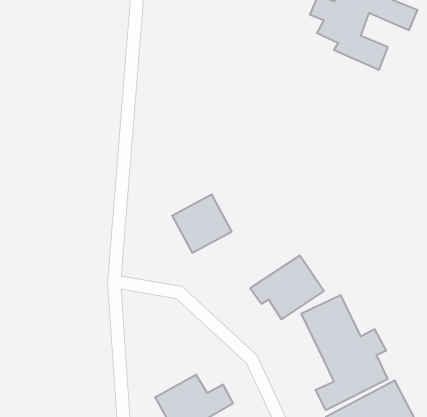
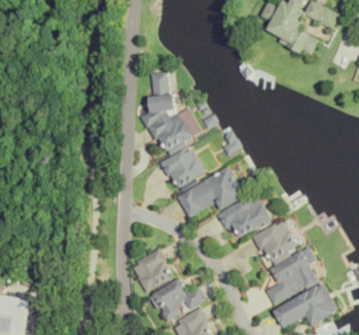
building: none -> [144,71,189,154]
building: none -> [177,168,244,216]
building: none -> [132,249,173,291]

